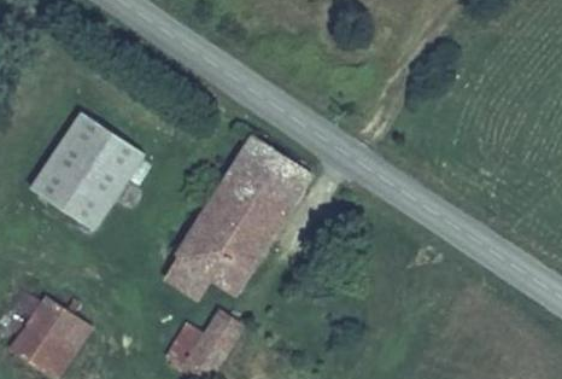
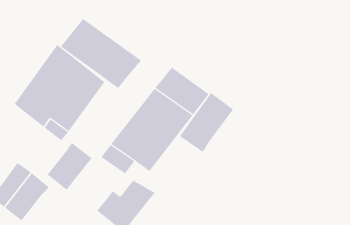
building: none -> [60,18,142,89]
building: none -> [179,92,234,153]
building: none -> [47,142,92,191]

